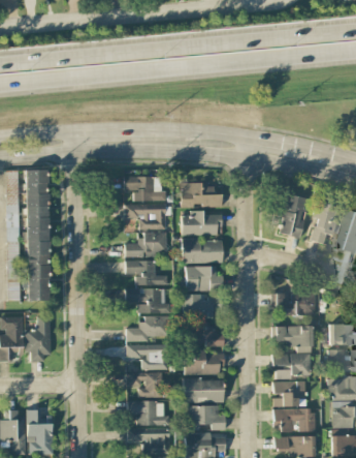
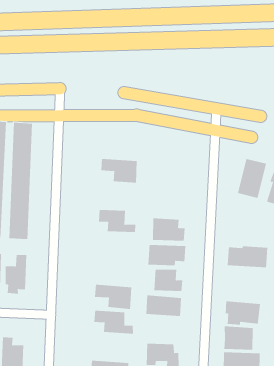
building: [124,177,163,202] -> none
building: [181,183,222,208] -> none
building: [182,213,222,236] -> none
building: [126,233,168,257] -> none
building: [183,240,223,264] -> none
building: [126,288,170,313] -> none
building: [126,317,168,342] -> none
building: [271,326,313,354] -> none
building: [184,379,224,403] -> none
building: [128,401,170,426] -> none

